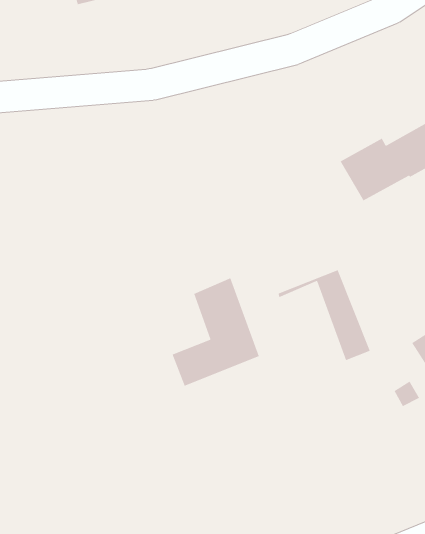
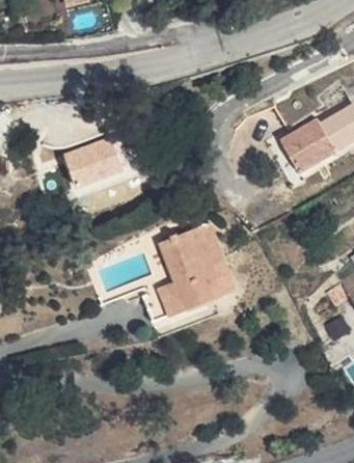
building: none -> [64,138,120,187]
building: [277,269,371,361] -> [159,222,236,298]

